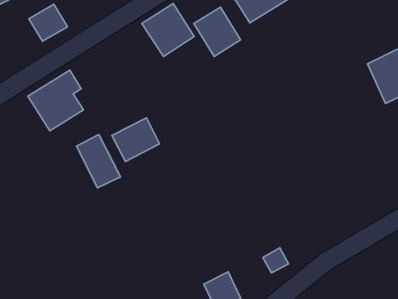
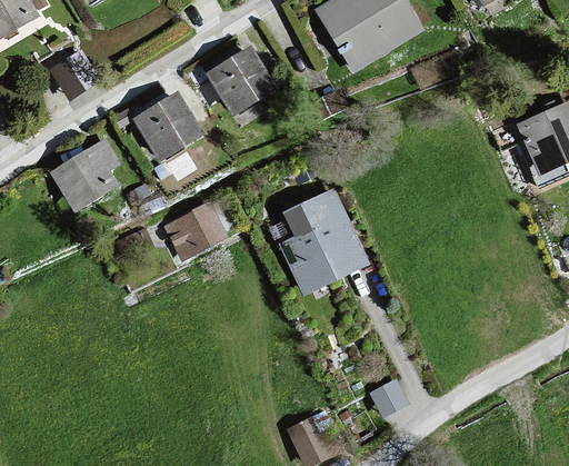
building: [194,7,240,56] -> none
building: none -> [131,93,204,167]
building: none -> [278,187,371,296]
building: [77,134,121,188] -> none

